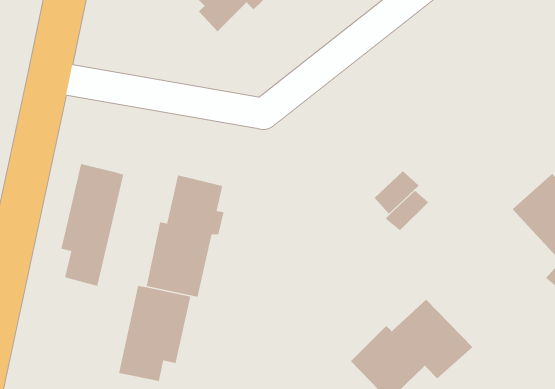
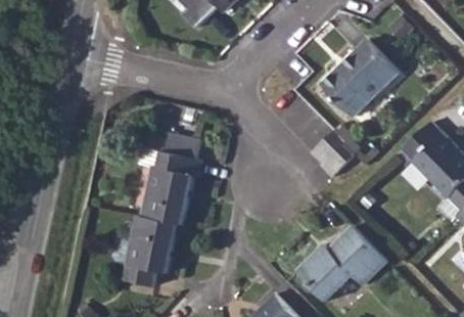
building: none -> [320,40,398,117]
building: [60,163,124,287] -> none

